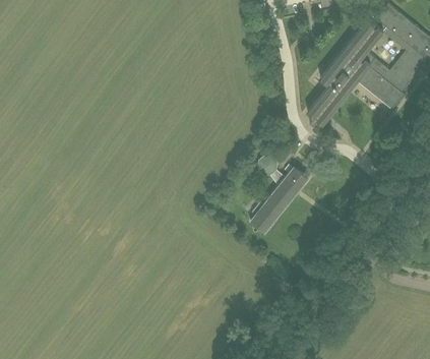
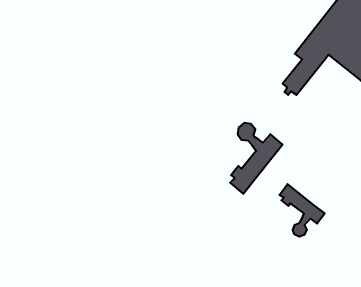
building: none -> [279,184,325,237]

